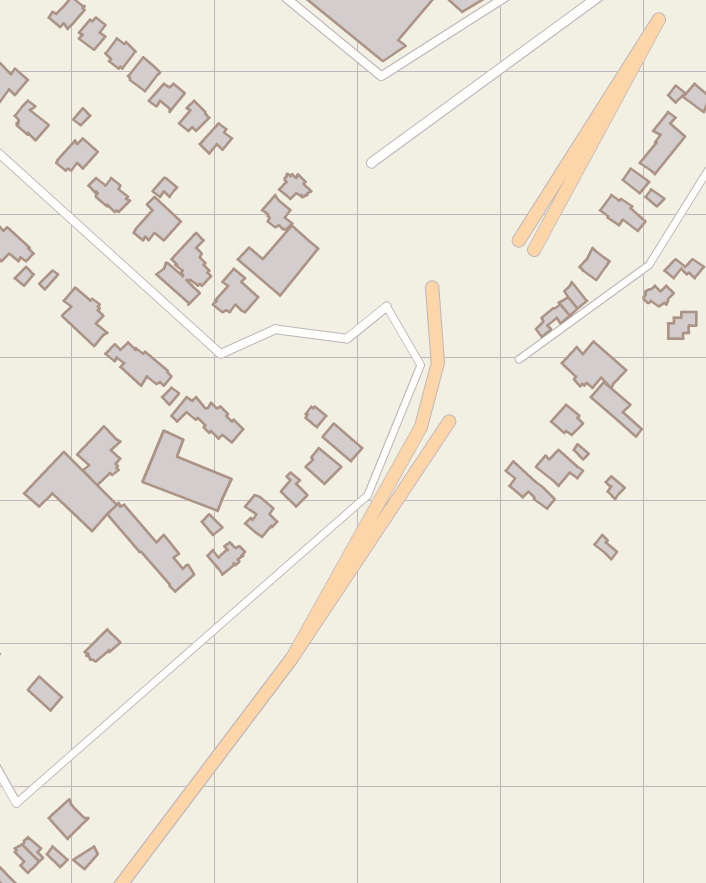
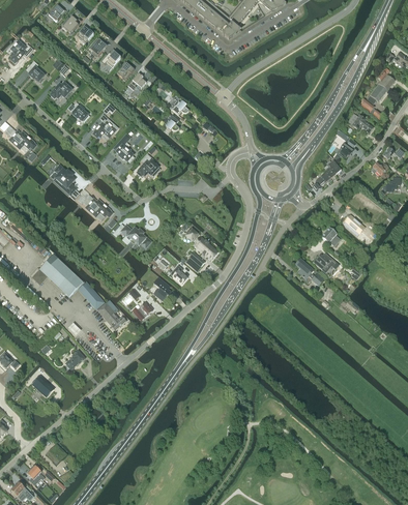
building: [238,225,318,296] -> none
building: [562,341,626,388] -> none
building: [77,426,120,485] -> none
building: [143,431,231,511] -> none

